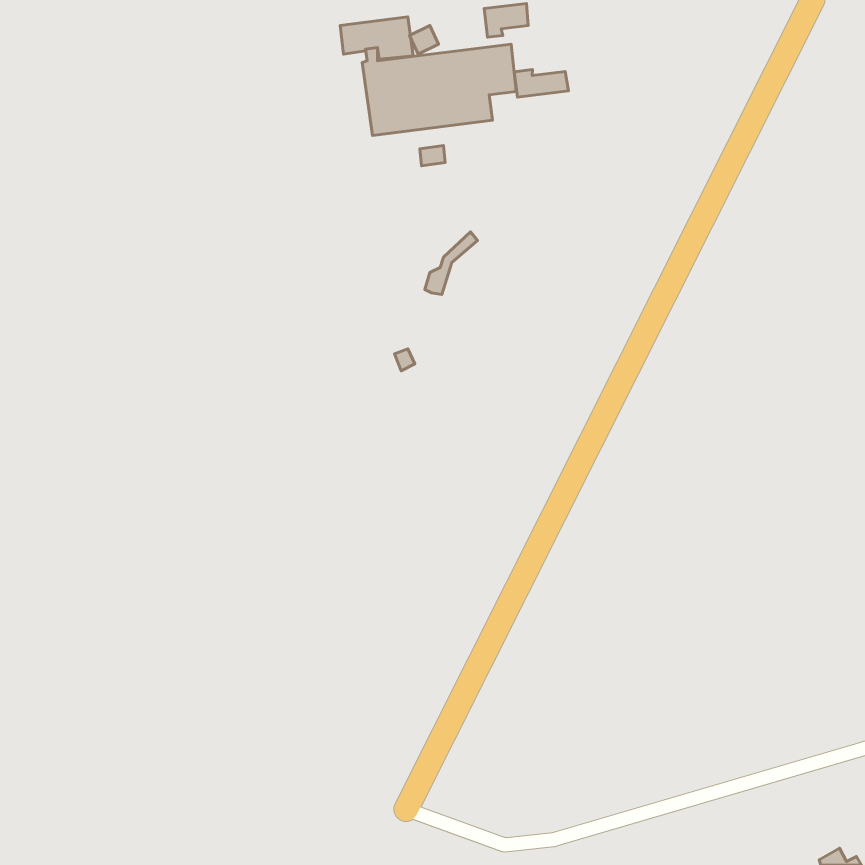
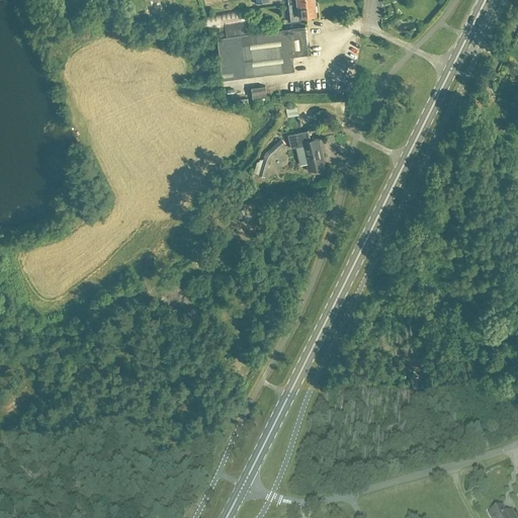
building: [514,69,569,97] -> none
building: none -> [288,131,325,171]

